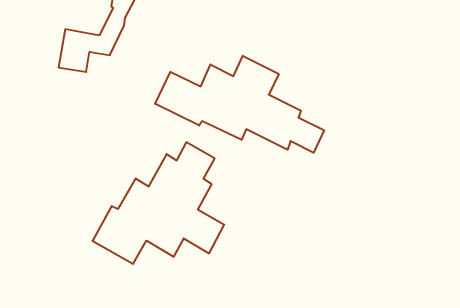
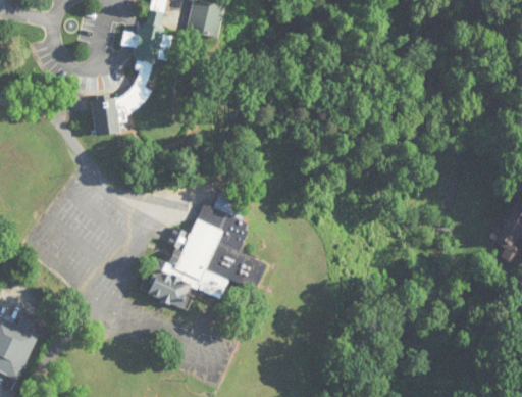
building: [155,56,324,153] -> none

